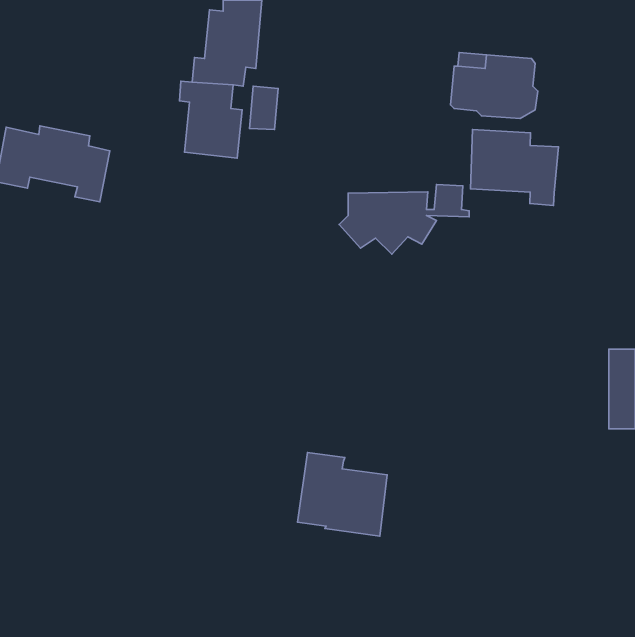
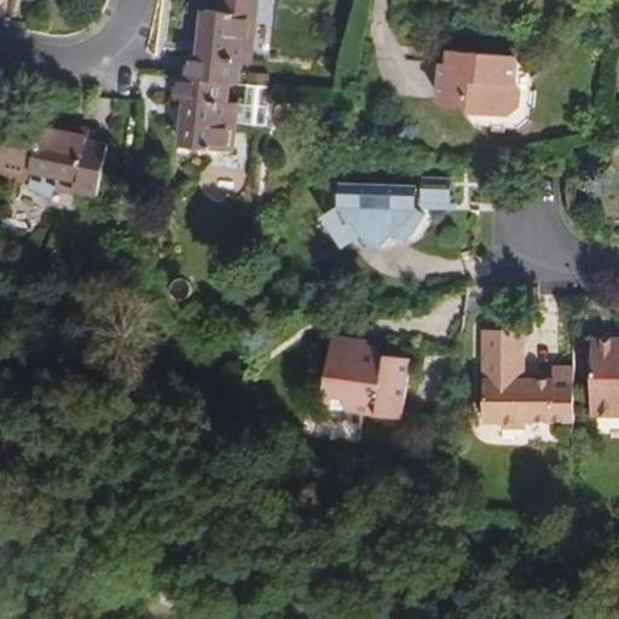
building: [470,130,558,206] -> none
building: none -> [482,329,572,424]
building: [297,453,387,536] -> [320,336,407,417]

